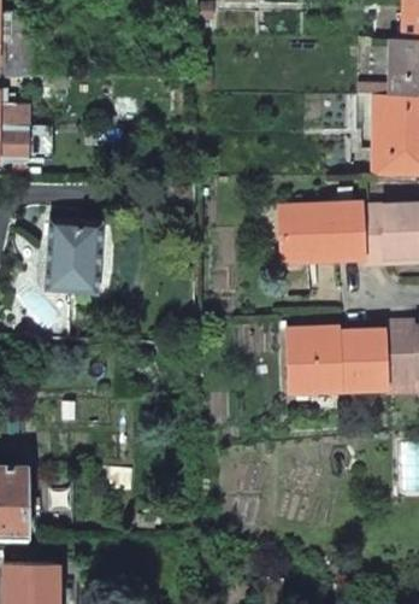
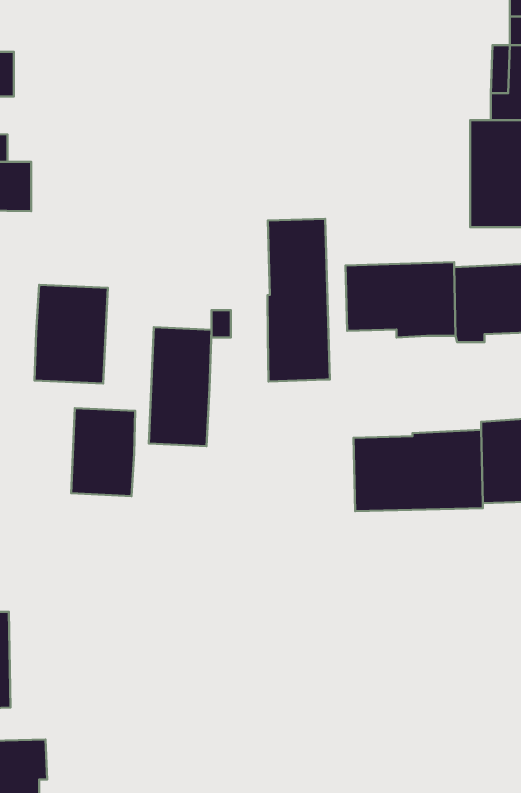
building: none -> [267,219,330,381]
building: none -> [149,327,212,446]
building: none -> [71,408,135,496]

